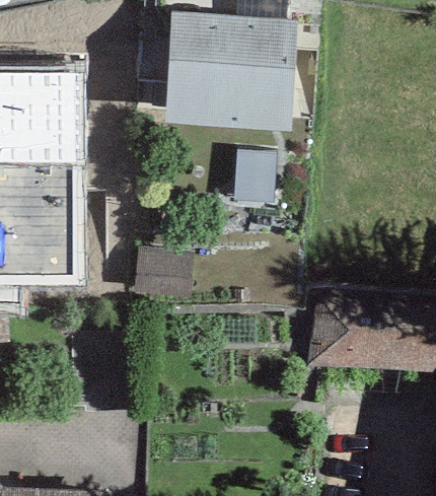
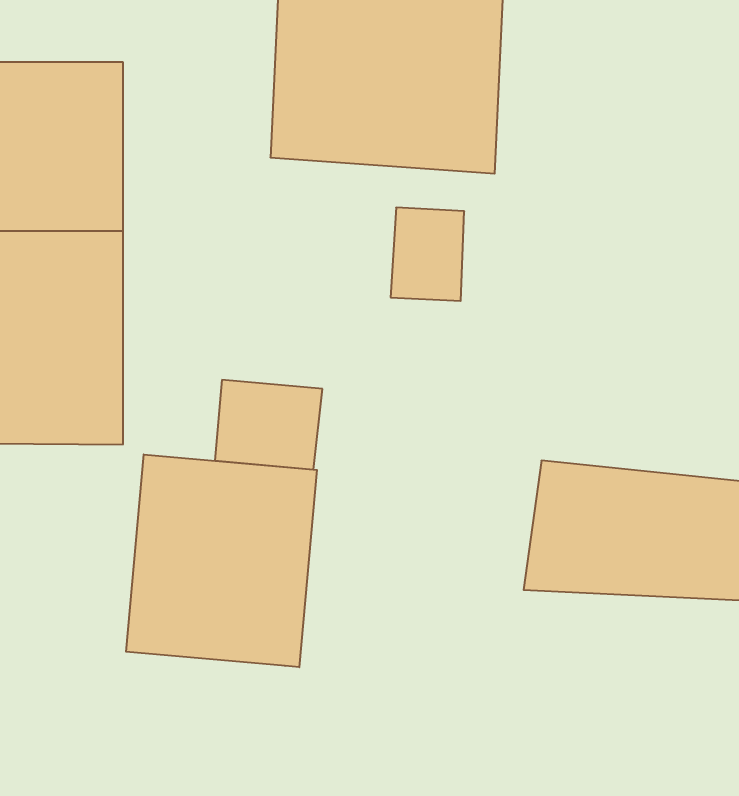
building: none -> [126,454,317,667]

